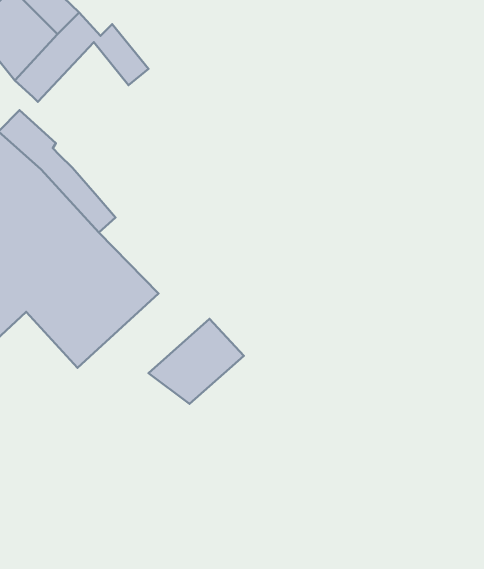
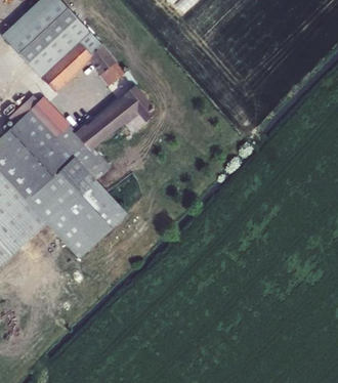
building: none -> [76,82,157,150]
building: [148,319,244,404] -> none

